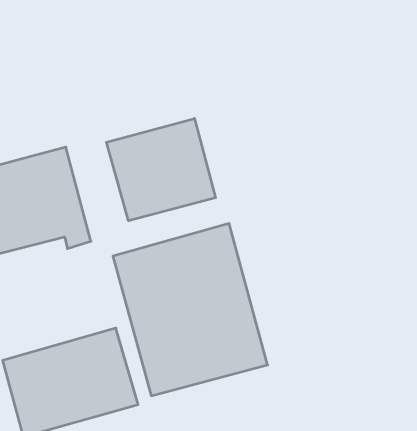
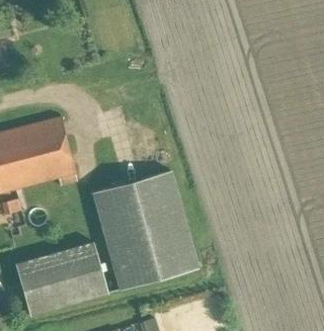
building: [106,118,216,221] -> none

